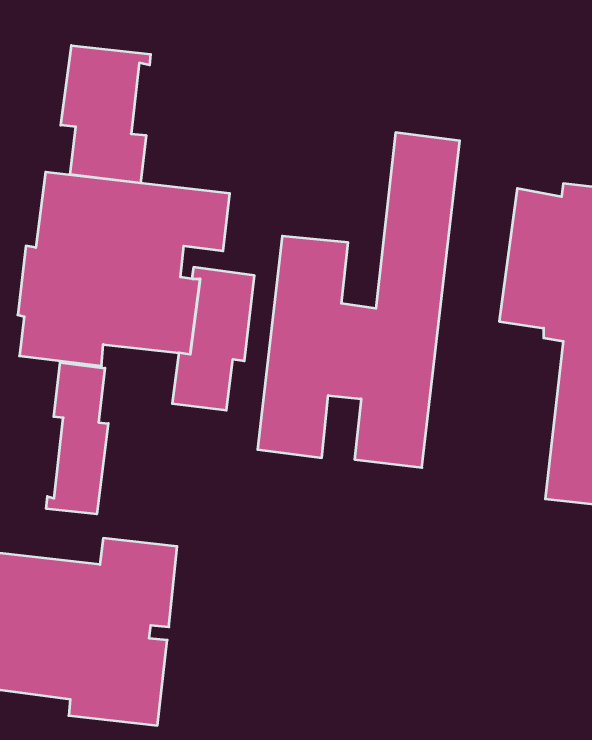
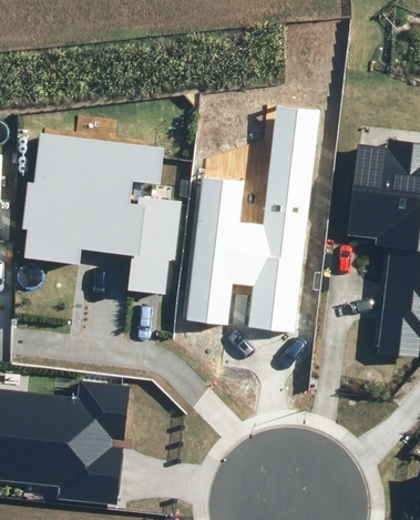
building: [61,45,151,183] -> none
building: [46,362,108,514] -> none

